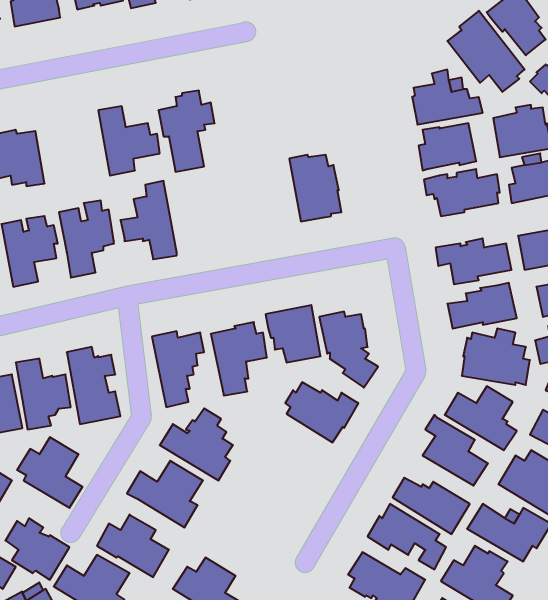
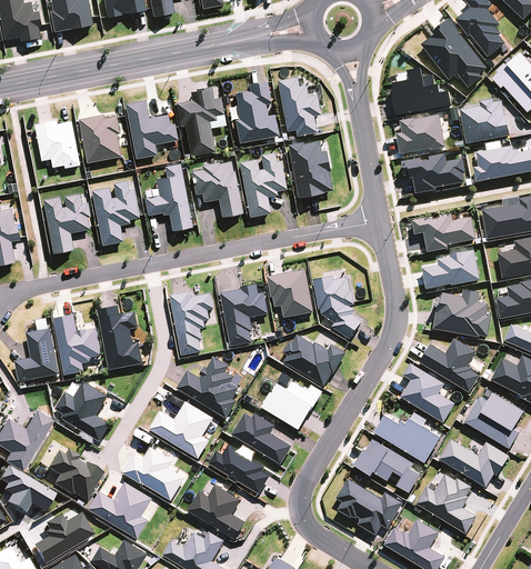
building: none -> [275,77,320,136]
building: none -> [234,81,278,142]
building: none -> [78,114,120,162]
building: none -> [238,152,285,217]
building: none -> [190,161,242,217]
building: none -> [261,381,322,429]
building: none -> [231,412,291,463]
building: none -> [209,445,270,493]

